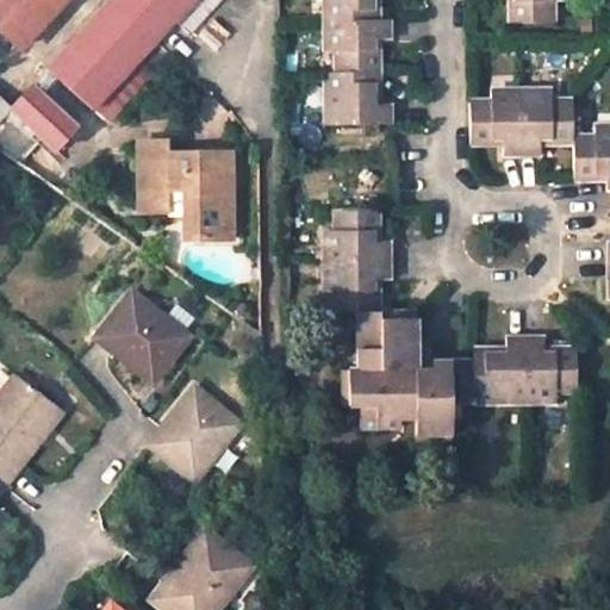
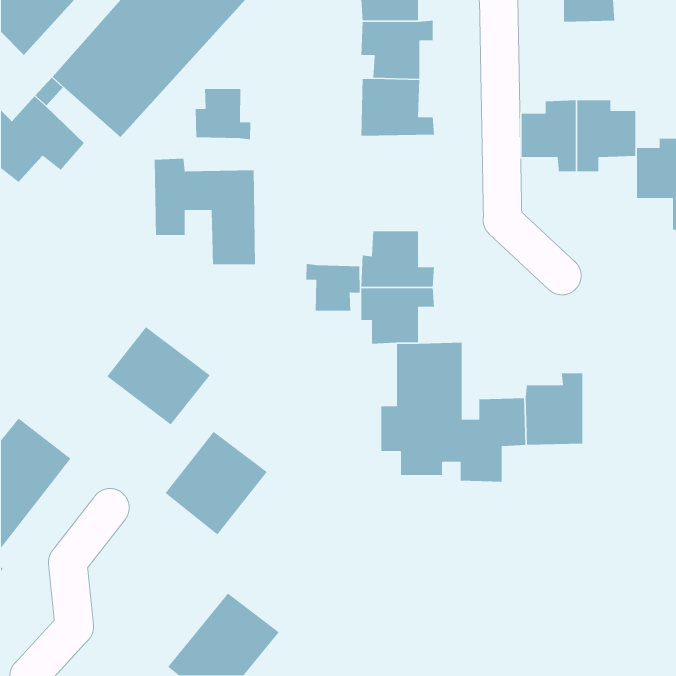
building: none -> [195,88,251,140]
building: none -> [306,263,361,311]
building: [525,334,577,399] -> none

